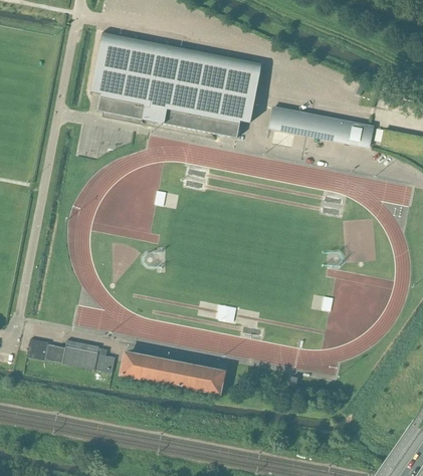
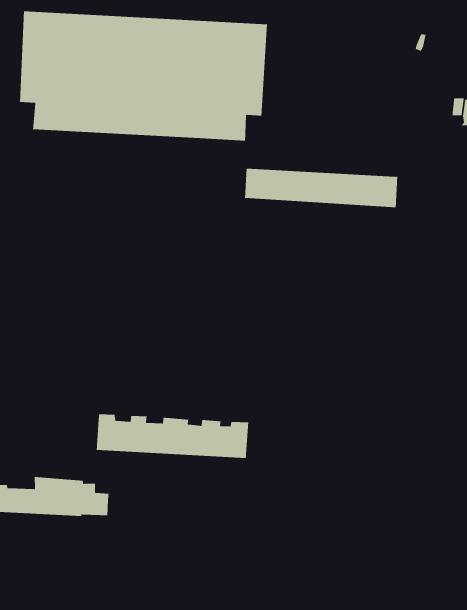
building: [269,106,373,147] -> [244,168,398,208]
building: [121,349,224,393] -> [96,413,249,459]

